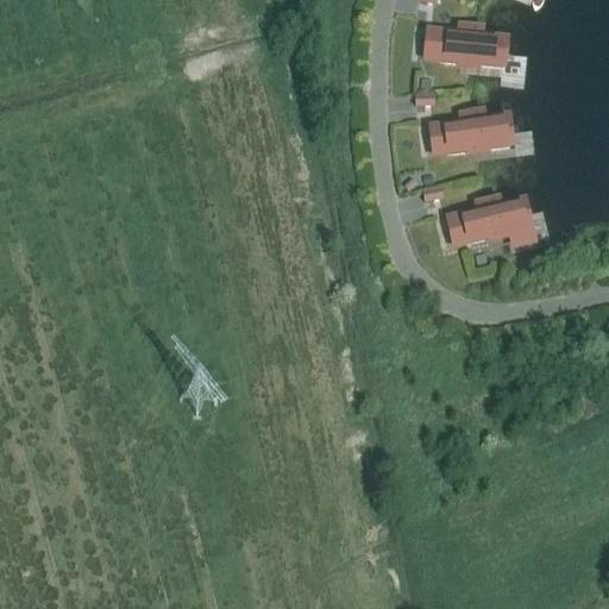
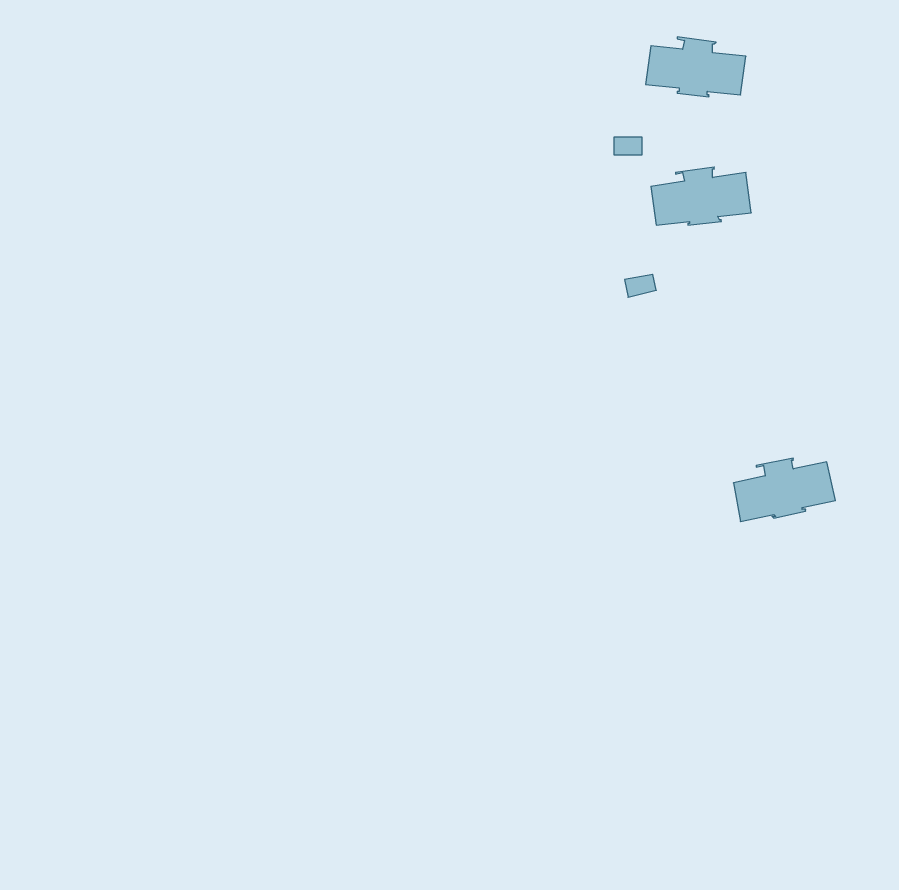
building: [460,197,529,240] -> [733,458,835,522]

